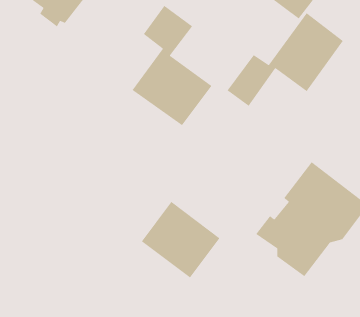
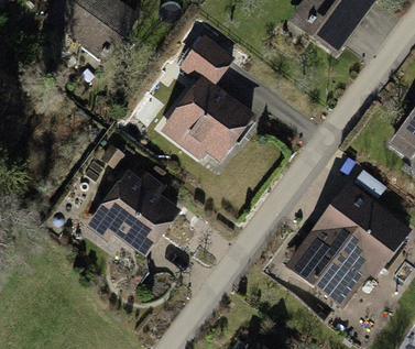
building: [227,12,344,107] -> none
building: [141,201,221,279] -> [97,176,175,252]

